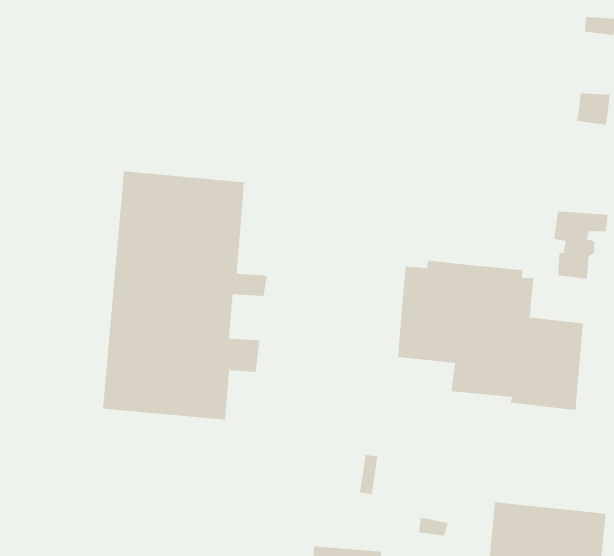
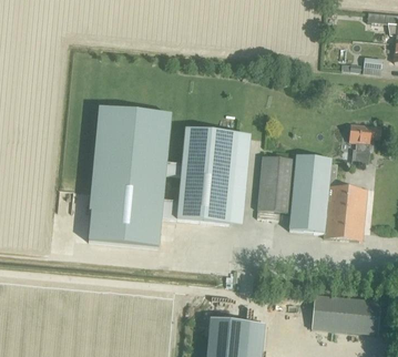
building: none -> [176,130,238,224]

